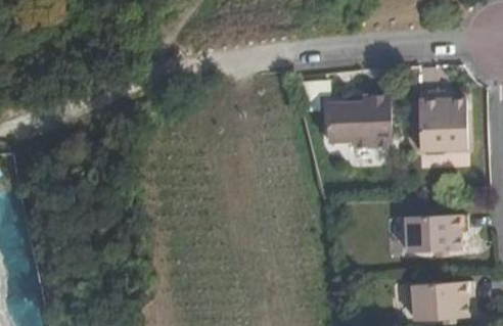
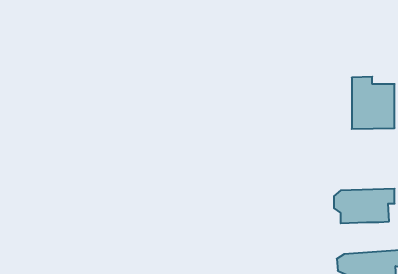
building: [326,94,390,149] -> none

